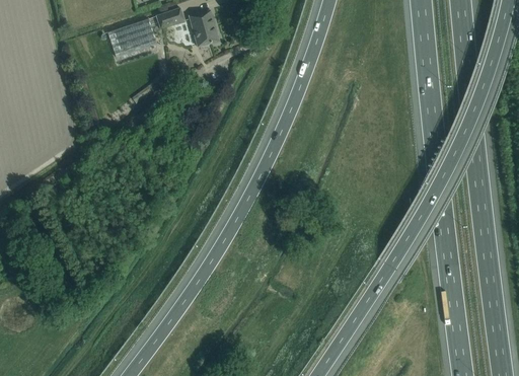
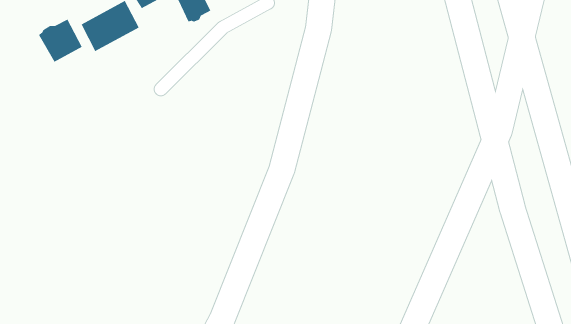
building: none -> [38,18,83,63]

